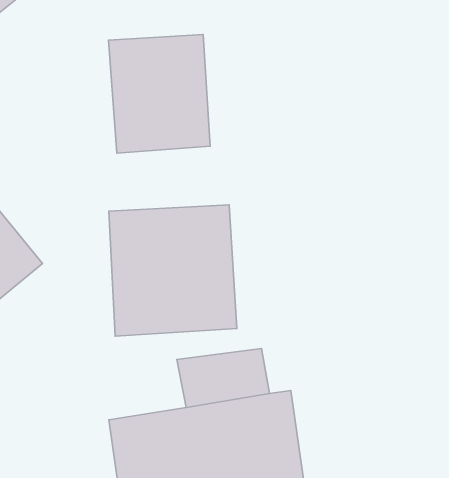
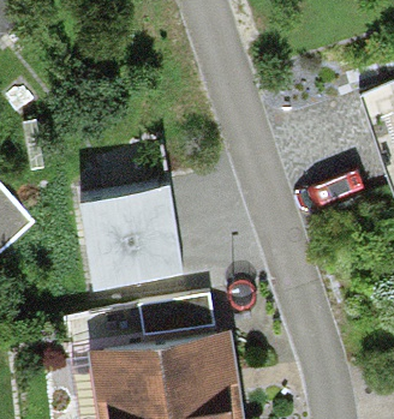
building: [109,34,210,153] -> none

